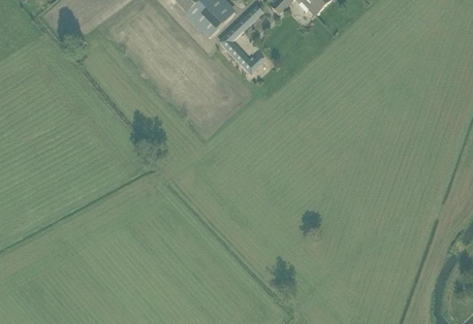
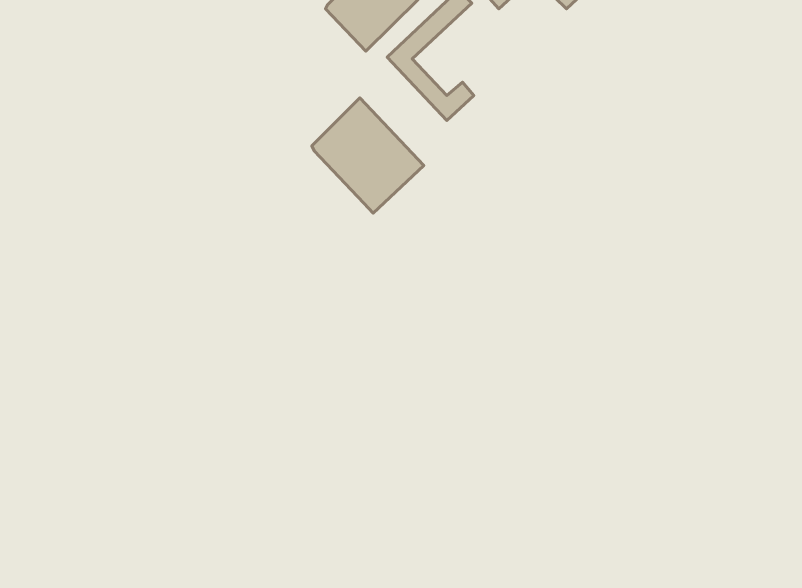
building: none -> [312,98,424,213]

